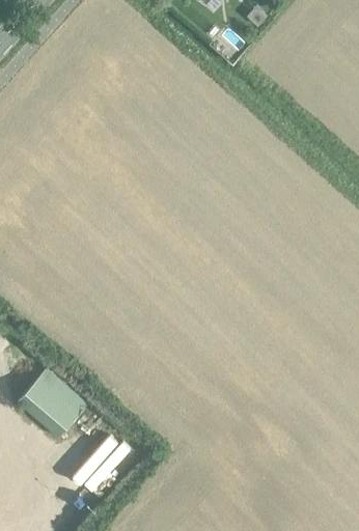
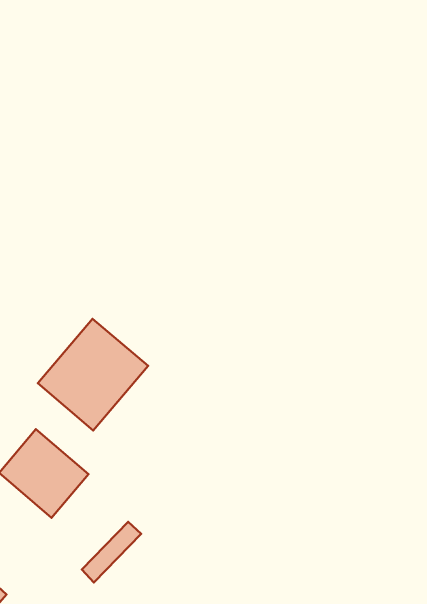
building: none -> [38,319,148,430]

